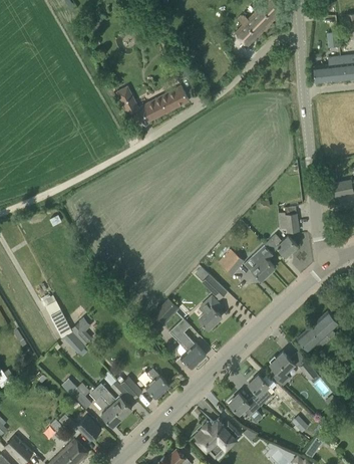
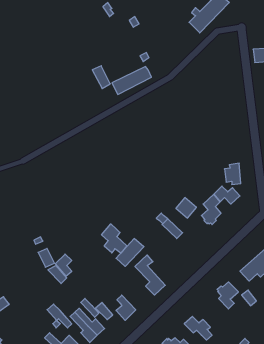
building: none -> [102,224,127,253]
building: [199,295,222,328] -> none
building: [249,375,272,407] -> none

